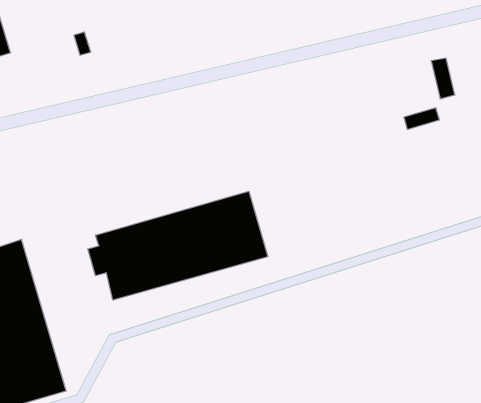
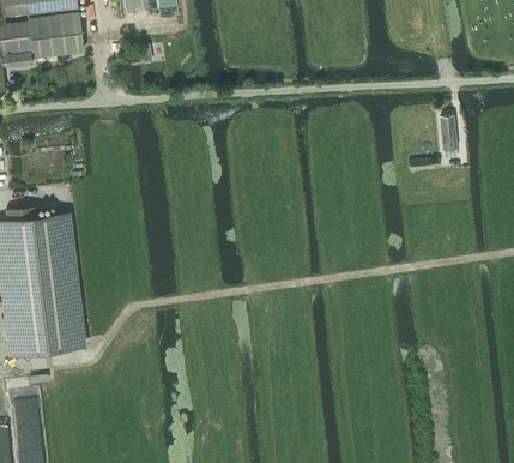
building: [88,191,268,300] -> none

